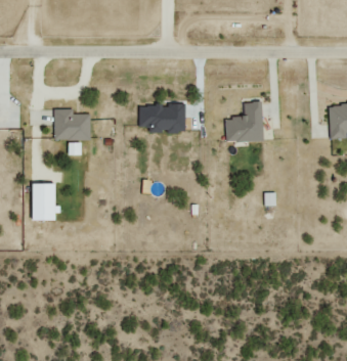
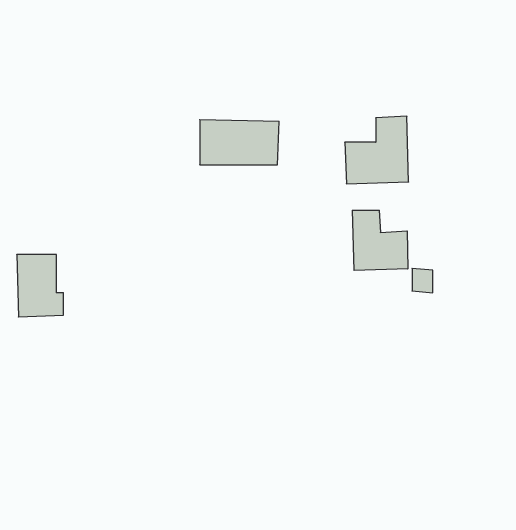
building: [54,109,91,140] -> none
building: none -> [352,210,408,270]

